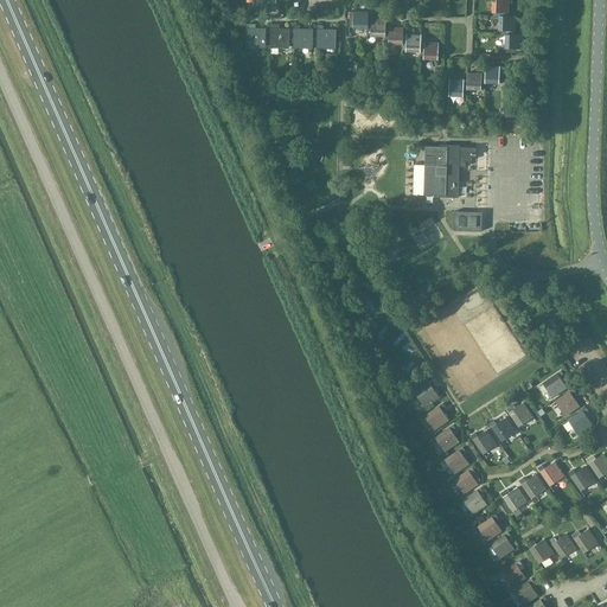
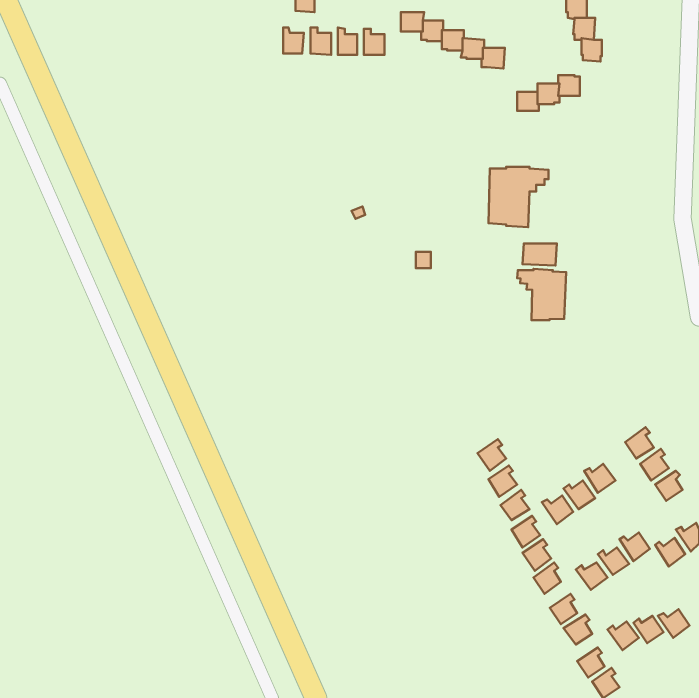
building: none -> [517,269,566,320]

